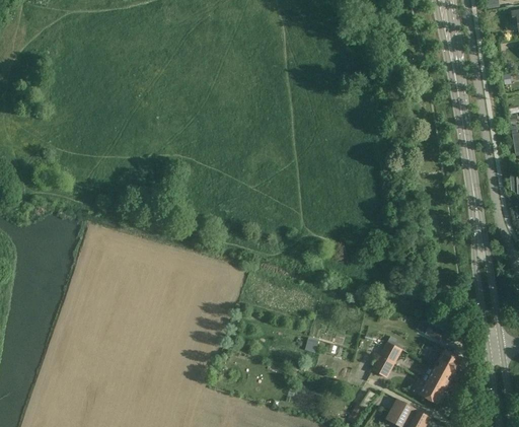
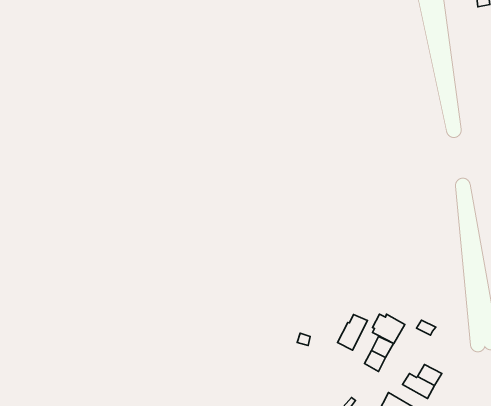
building: none -> [337,315,367,350]
building: [430,349,462,378] -> [373,314,405,343]

